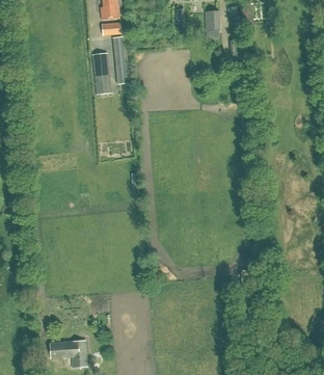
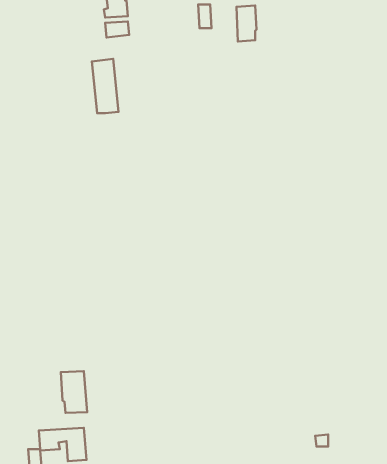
building: [111,36,130,84] -> none
building: none -> [61,371,87,413]

